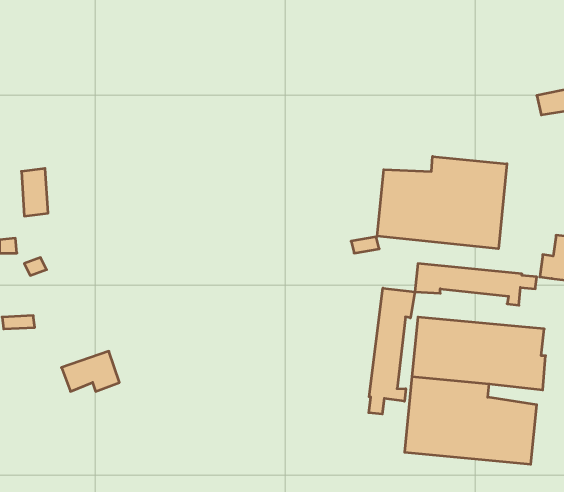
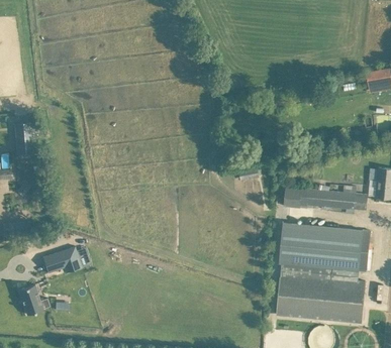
building: [377,156,507,249] -> none
building: [369,288,415,414] -> none
building: none -> [19,284,50,315]

